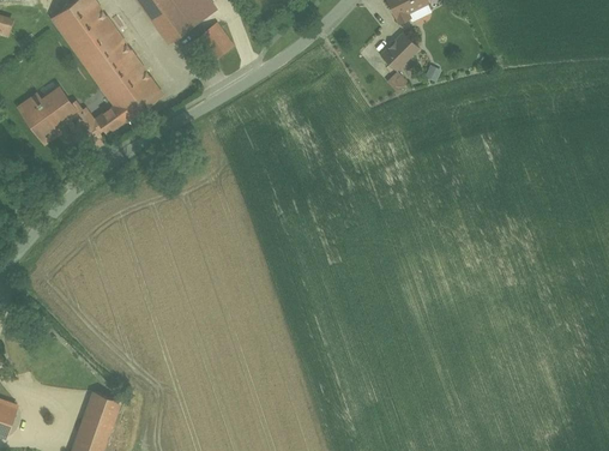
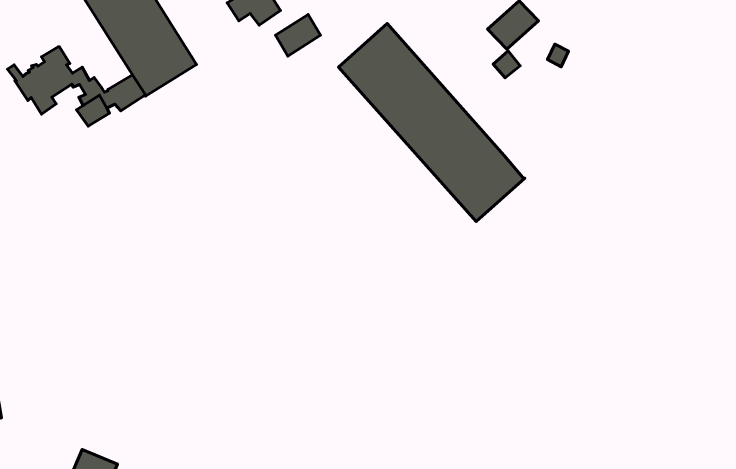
building: none -> [276,14,320,56]
building: none -> [339,24,525,222]

